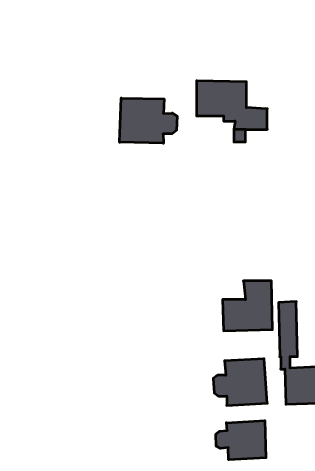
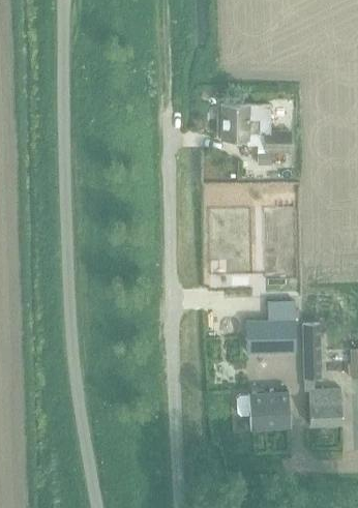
building: [120,98,177,143] -> none
building: [216,421,266,460] -> none

